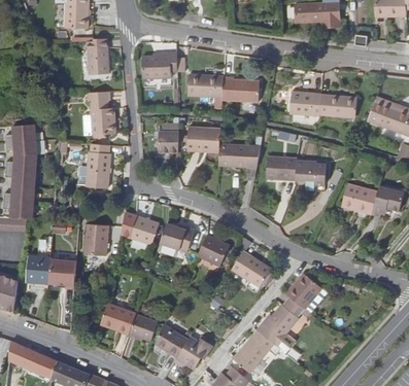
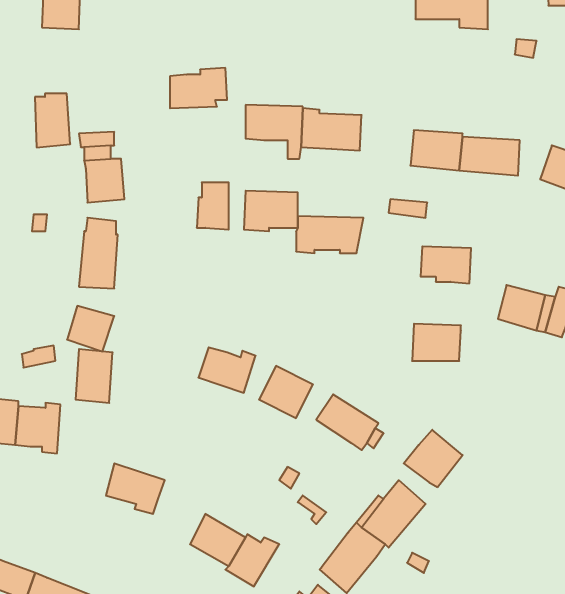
building: [86,38,107,71] -> [35,94,70,147]
building: [267,156,297,179] -> [412,324,461,361]
building: [129,216,158,244] -> [67,306,114,351]
building: [129,315,164,343] -> none

